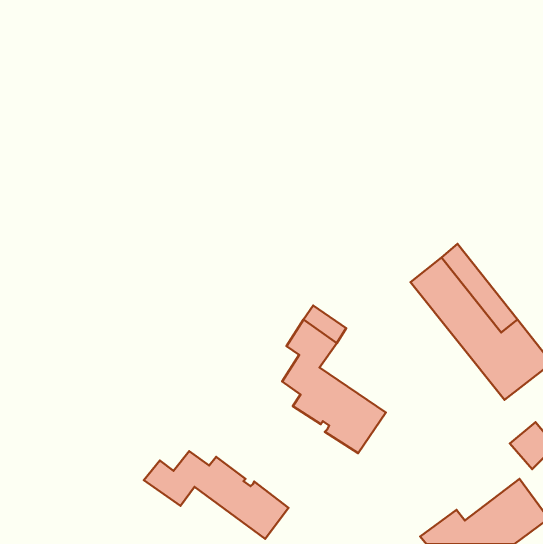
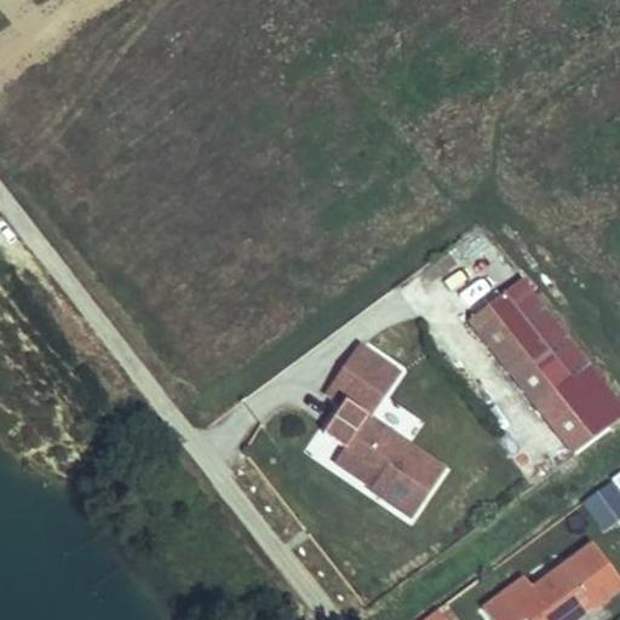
building: [144,451,289,539] -> none

